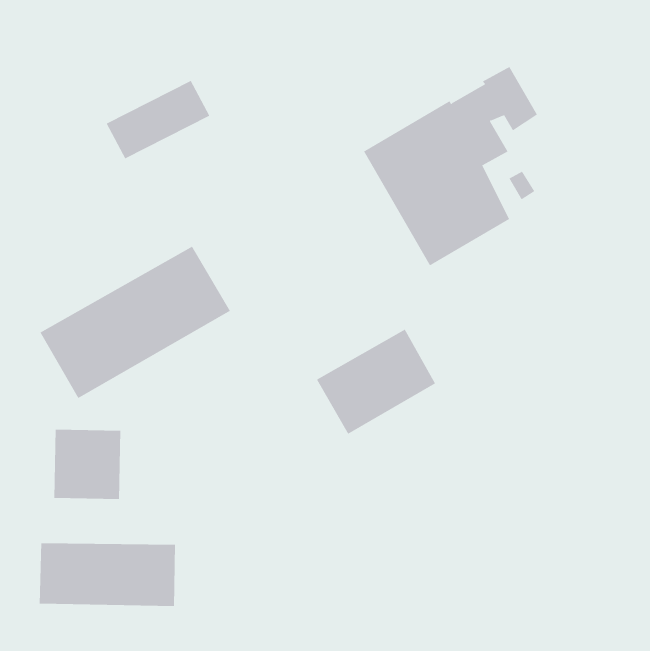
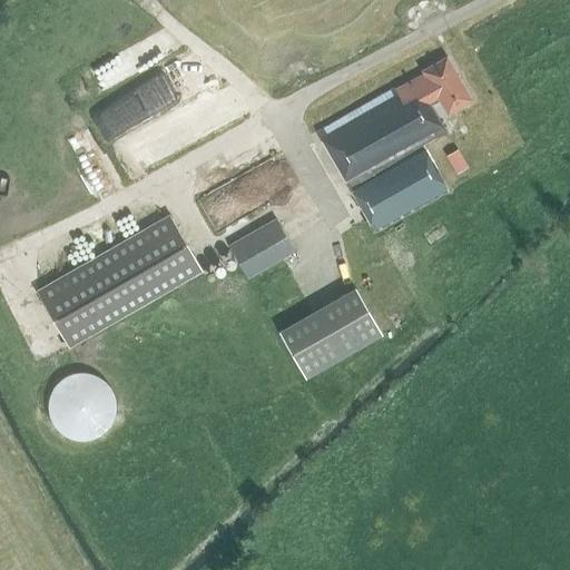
building: none -> [228,218,295,279]
building: [39,542,176,607] -> none

